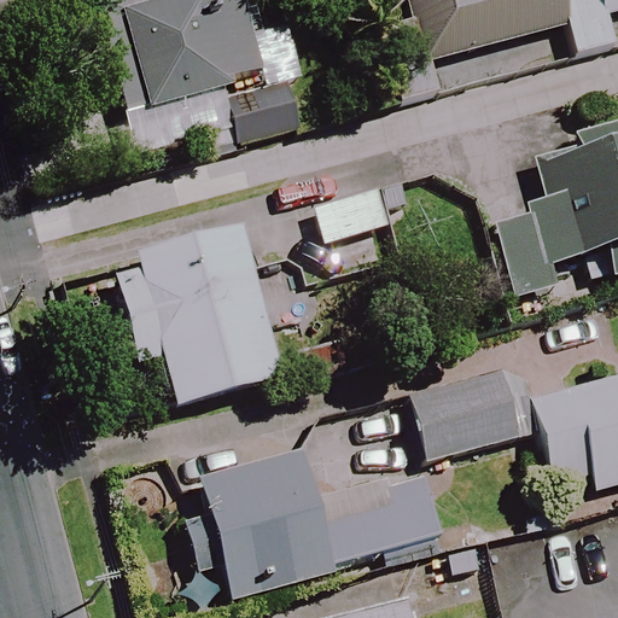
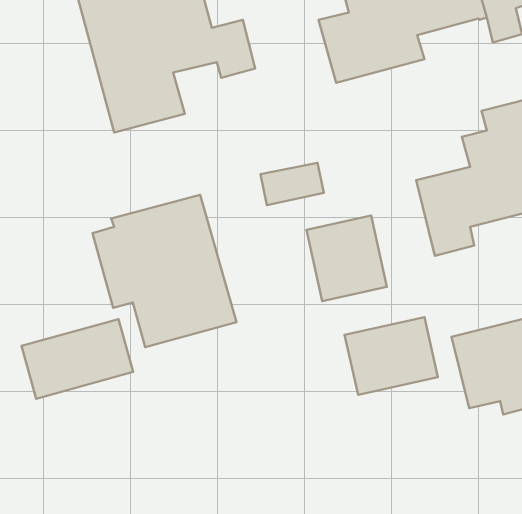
building: none -> [306,215,387,301]
building: none -> [22,319,133,399]
building: [203,445,442,591] -> none

